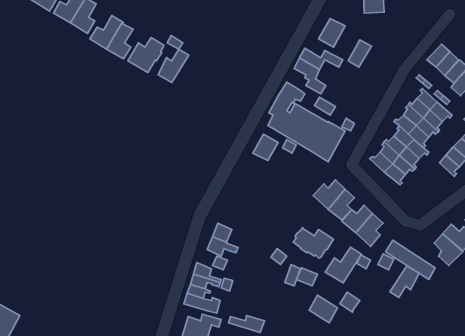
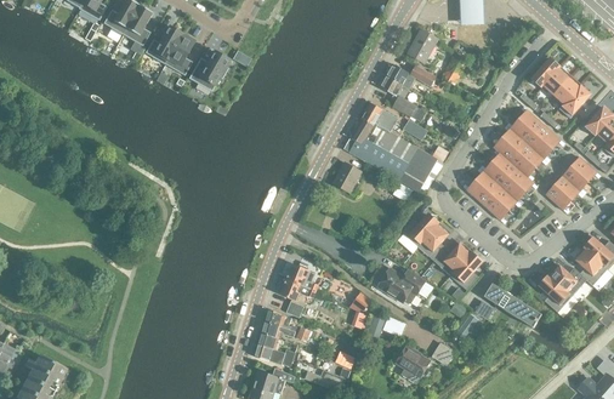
building: [158,49,189,83] -> none
building: [325,247,362,283] -> none
building: [390,266,419,298] -> none

